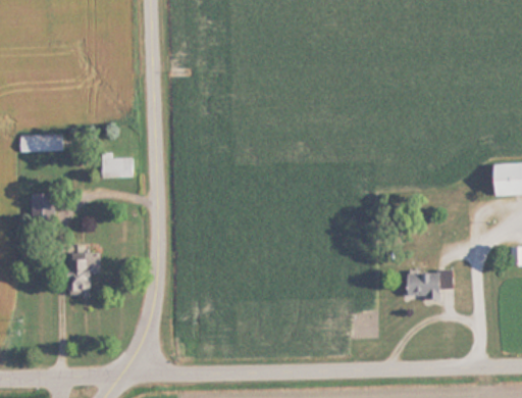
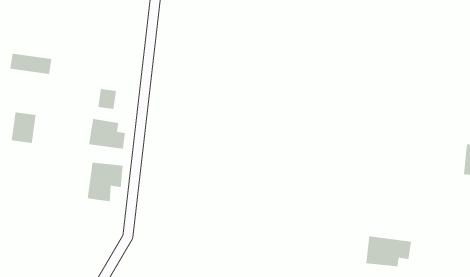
building: none -> [88,118,125,150]
building: [67,252,101,291] -> [87,162,123,202]

